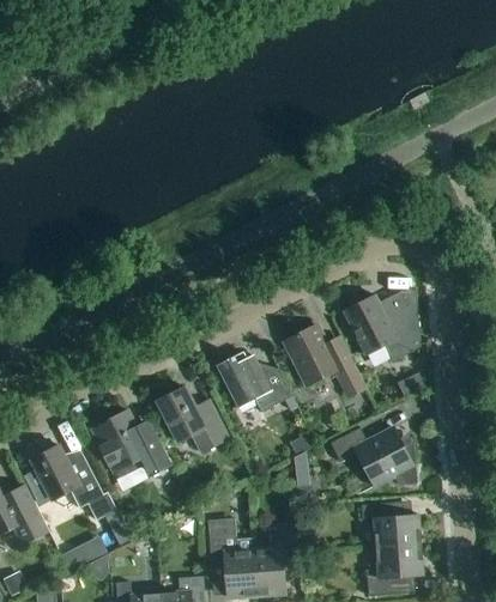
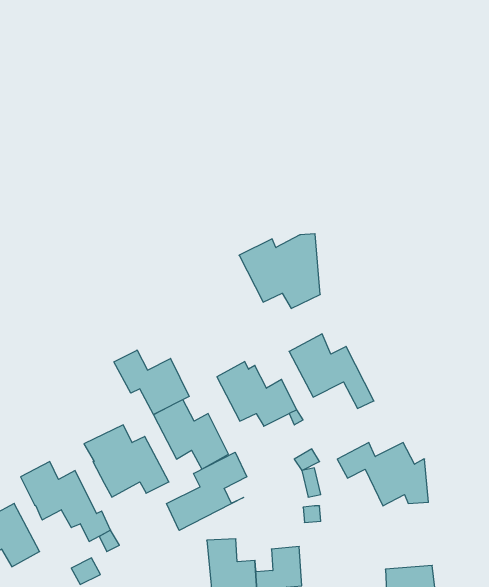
building: [343,290,419,360] -> [239,234,320,308]
building: none -> [114,350,189,415]
building: none -> [166,452,247,530]
building: [359,503,419,547] -> none

